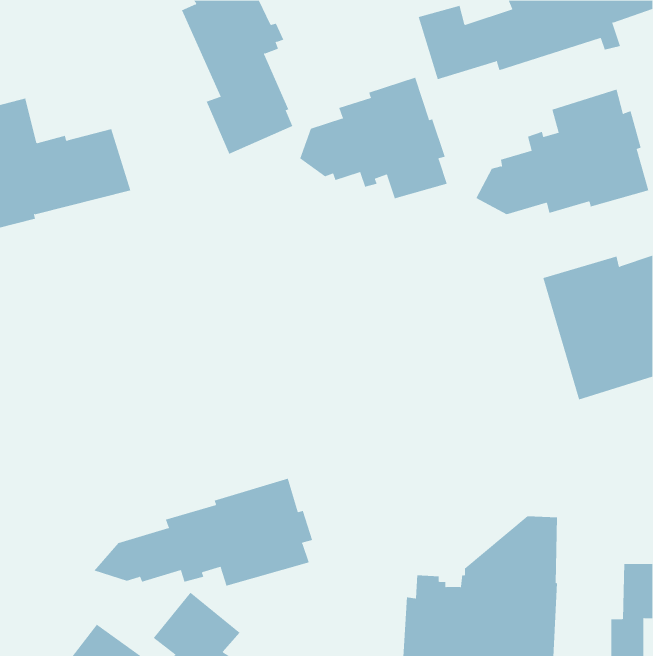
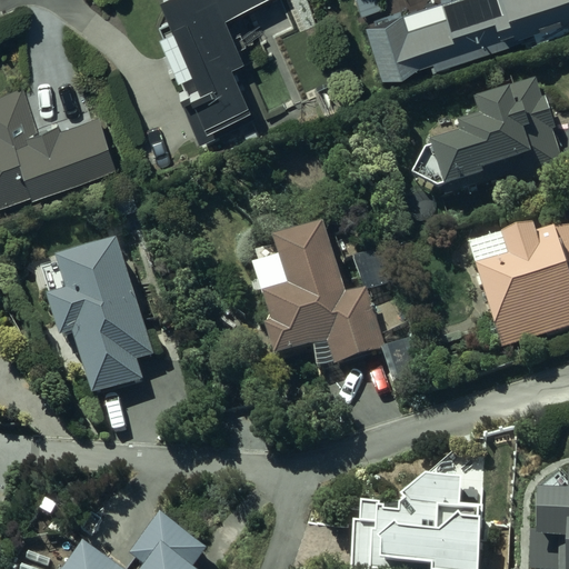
building: [299,77,448,199] -> none
building: none -> [252,220,385,365]
building: none -> [51,237,153,392]
building: [94,478,313,586] -> none

